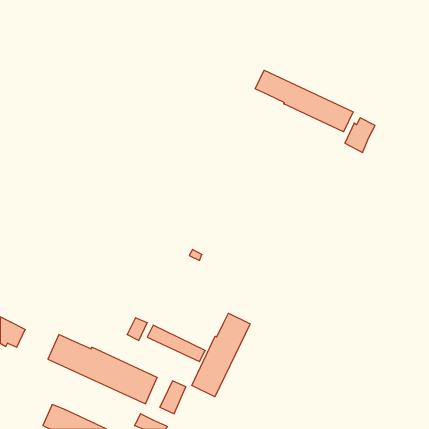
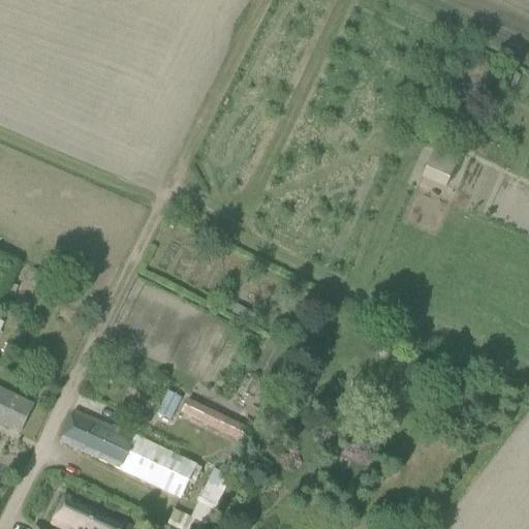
building: [255,70,353,132] -> none
building: [192,313,250,397] -> none

